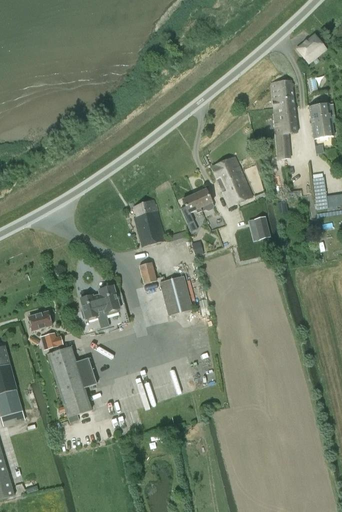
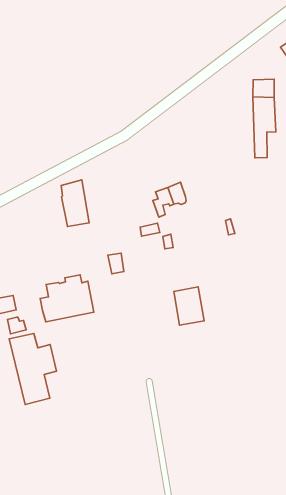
building: [211,155,253,206] -> none
building: [134,198,164,245] -> [61,180,89,227]
building: [160,275,192,314] -> [174,287,204,325]

